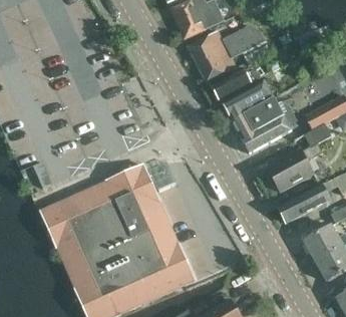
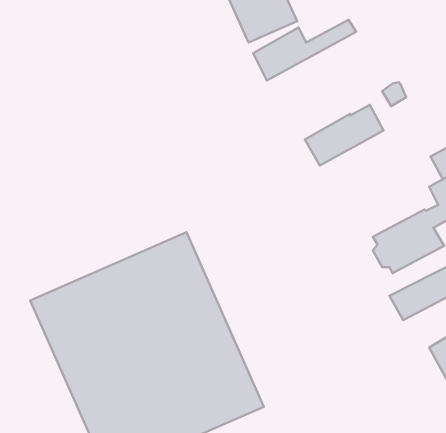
building: [197,30,266,82] -> none
building: [212,68,253,99] -> none
building: [232,97,297,153] -> none

